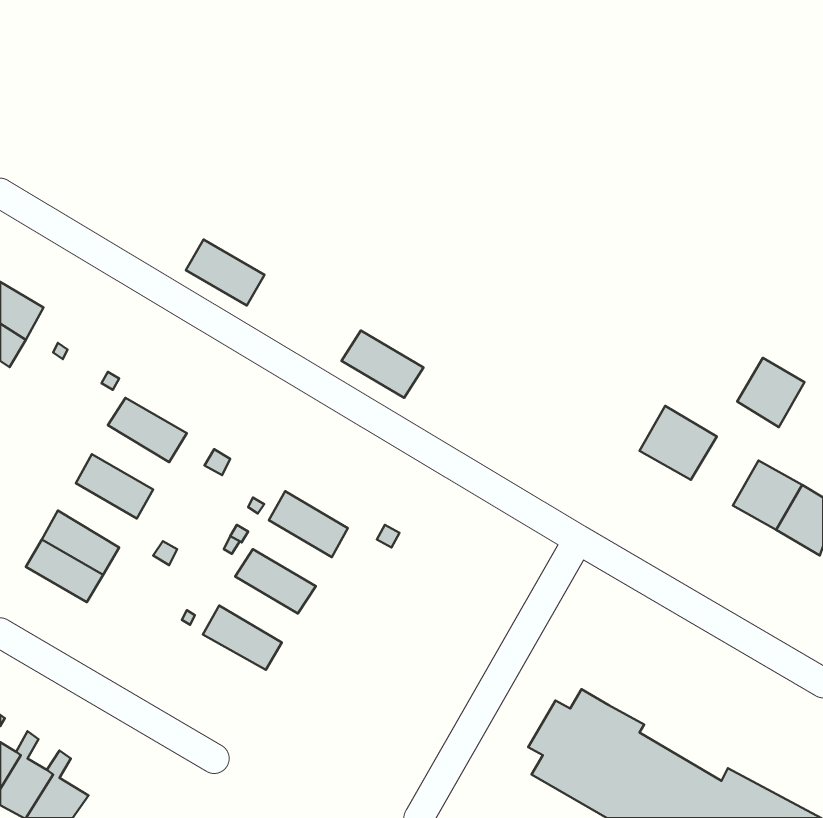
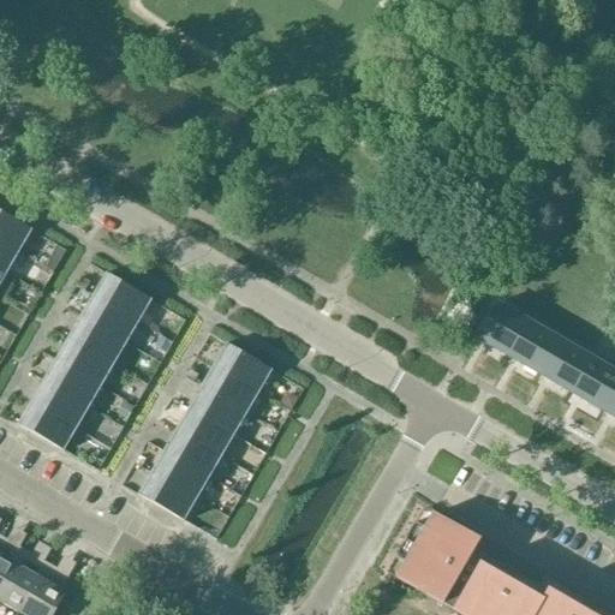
building: [186,240,265,306] -> [94,274,153,323]
building: [341,330,424,398] -> [213,344,274,394]
building: [737,358,805,427] -> [515,326,566,377]
building: none -> [68,317,126,365]
building: none -> [43,360,102,408]
building: none -> [189,388,247,437]
building: none -> [163,430,222,479]
building: none -> [139,473,198,521]

